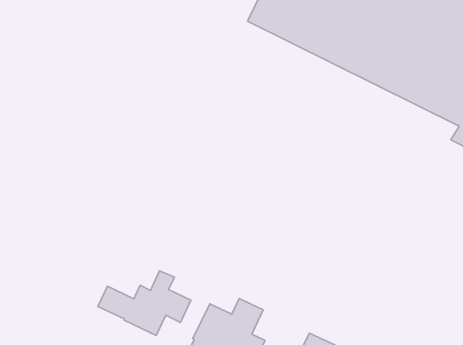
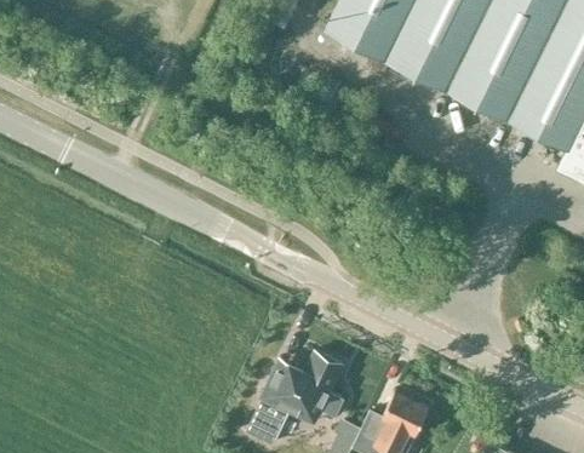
building: [98,271,191,335] -> none

